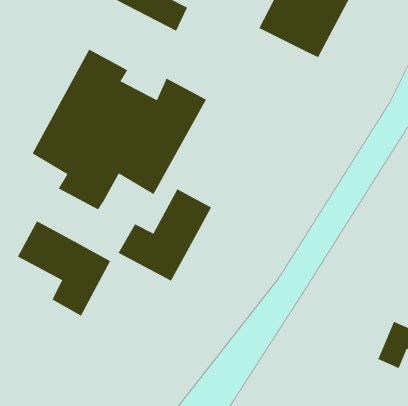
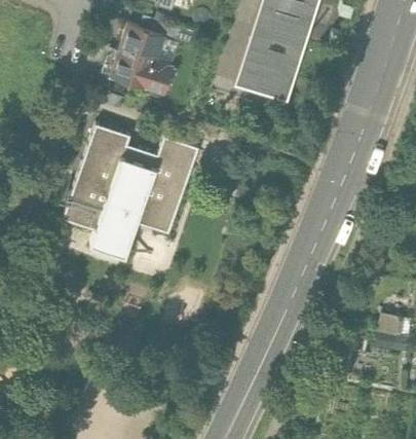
building: [118,188,212,281] -> none
building: [17,220,111,316] -> none

